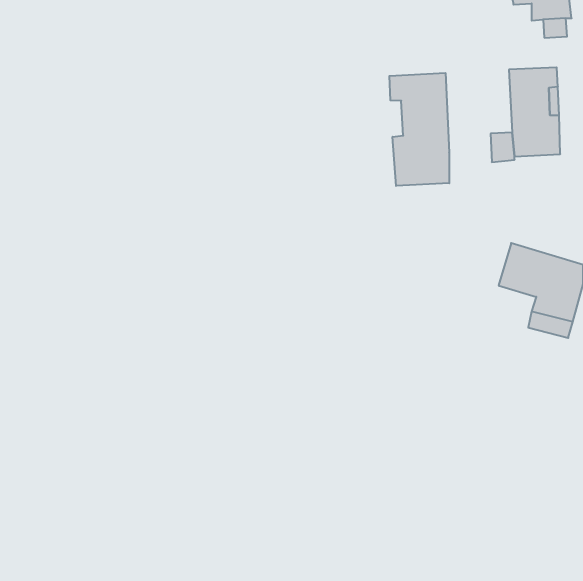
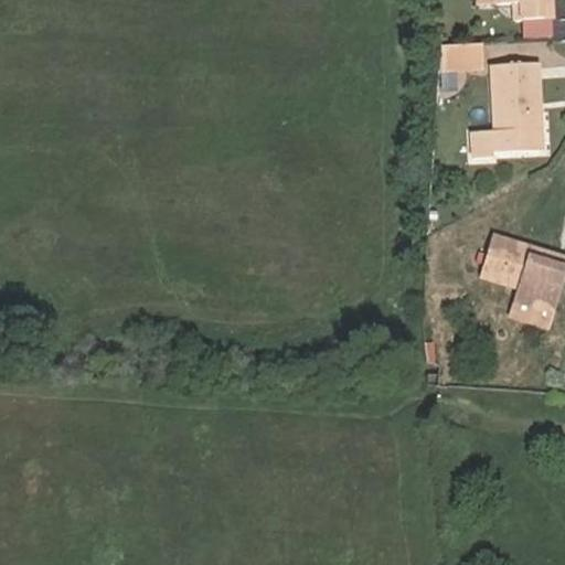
building: none -> [439,43,479,68]
building: [389,73,449,186] -> none

